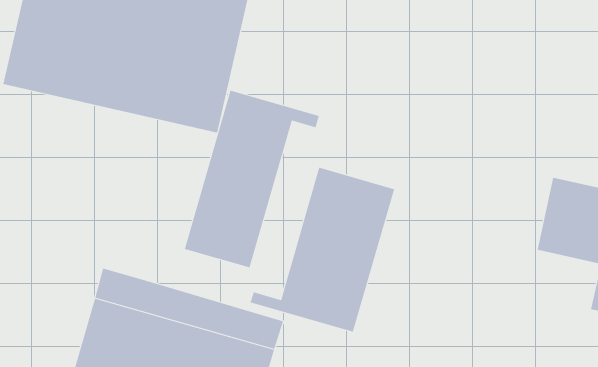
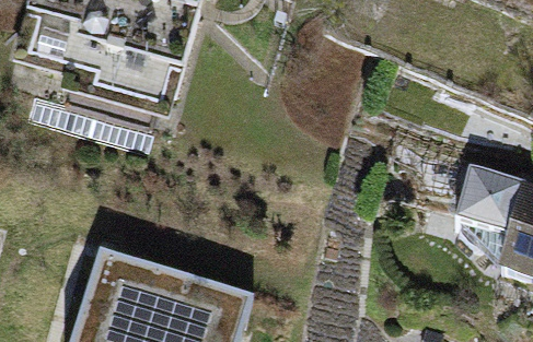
building: [184,90,320,268] -> none
building: [250,167,395,333] -> none

